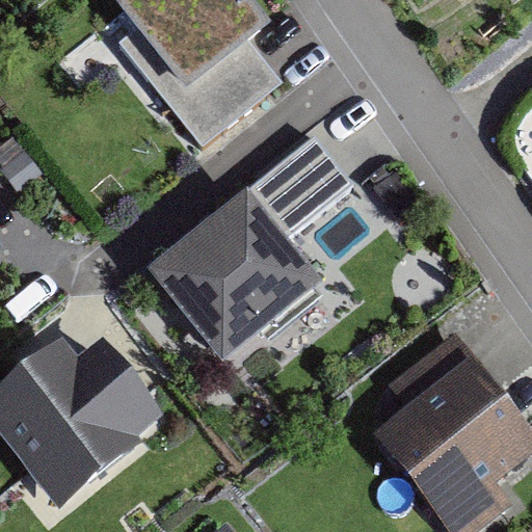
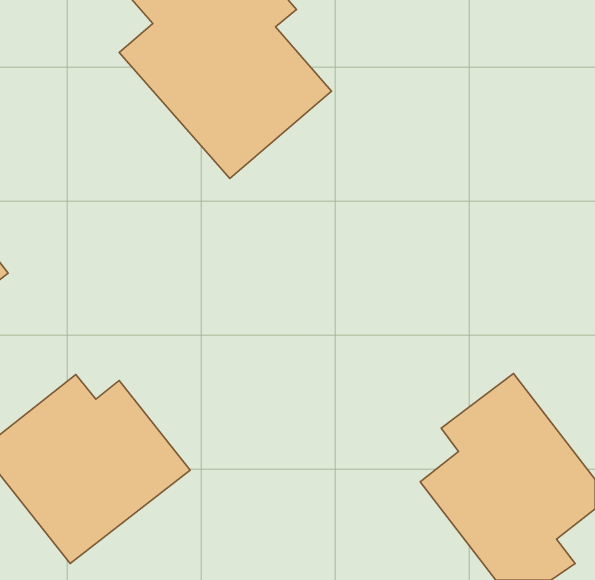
building: [143,135,353,365] -> none

